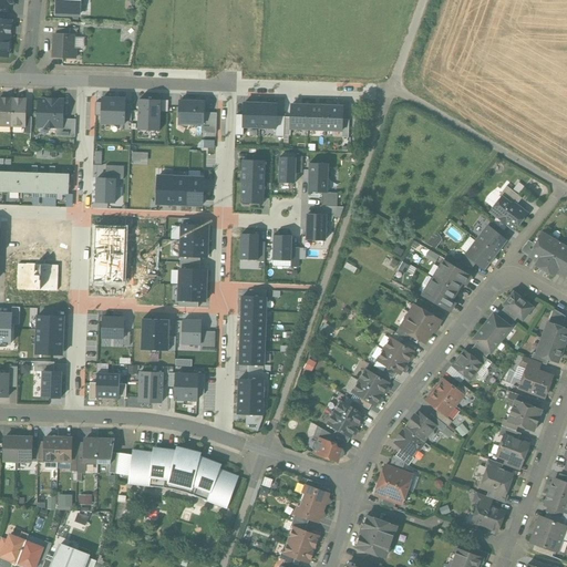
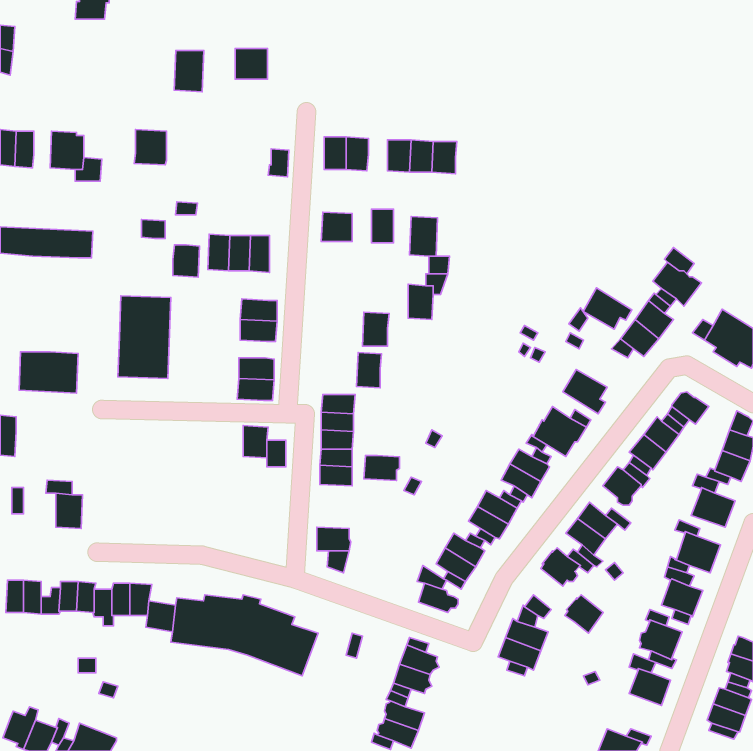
building: [53,34,76,58] -> none
building: [138,100,161,131] -> [174,50,204,92]
building: [179,101,204,124] -> [235,48,267,79]
building: [96,178,116,203] -> [173,245,199,277]
building: [240,182,265,204] -> none
building: [240,234,259,260] -> [357,352,382,388]
building: [433,260,470,291] -> [583,288,632,329]
building: [37,316,64,354] -> none
building: [102,317,124,339] -> none
building: [141,319,169,351] -> none
building: [140,372,163,402] -> none
building: [96,373,120,398] -> none
building: [175,373,198,401] -> none
building: [238,379,265,398] -> [364,455,399,480]
building: [394,427,423,456] -> [565,595,603,633]
building: [355,516,395,557] -> none

